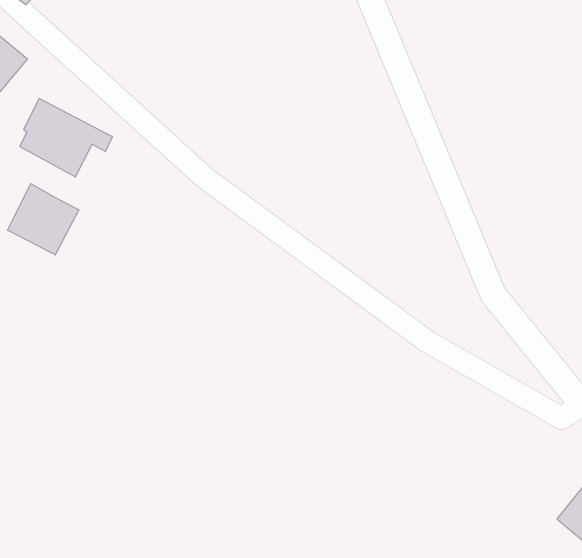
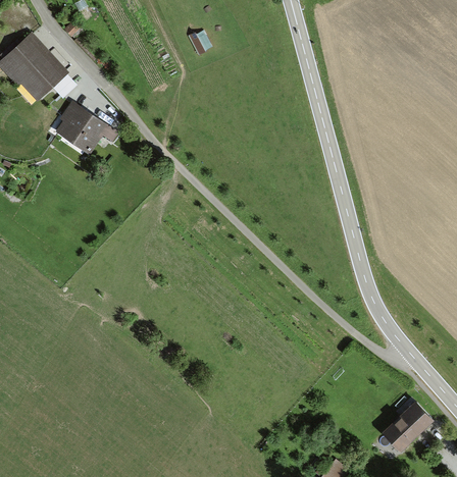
building: [7,184,79,255] -> none

